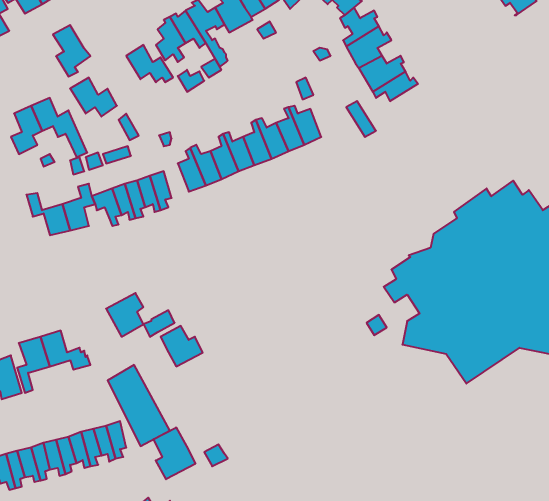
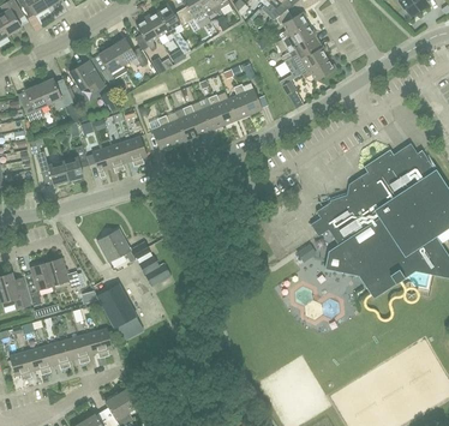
building: [53,25,90,77] -> [98,46,127,85]
building: [154,427,195,479] -> none

